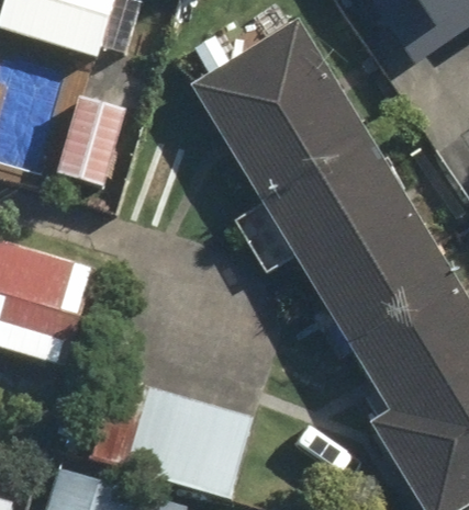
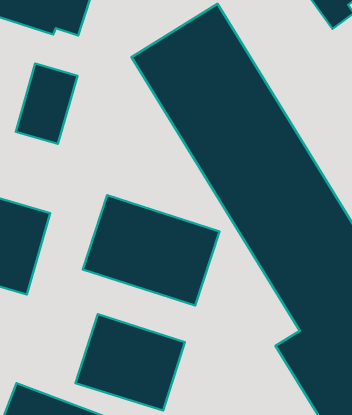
building: none -> [83,195,220,306]

